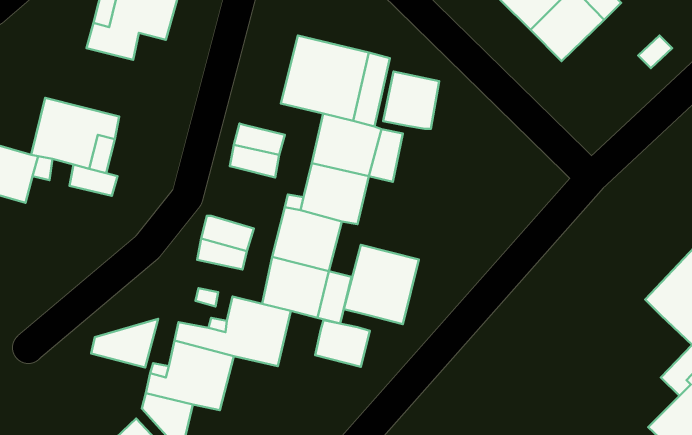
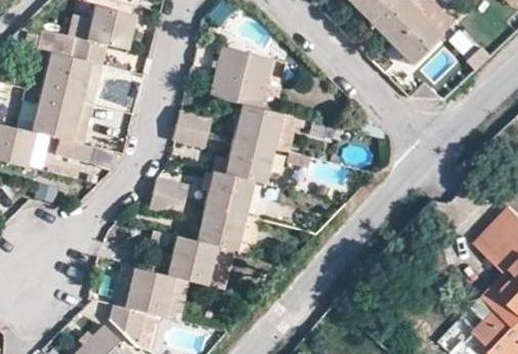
building: none -> [40,51,103,104]
building: [383,71,439,129] -> none
building: [344,245,419,324] -> none
building: [91,319,158,368] -> none
building: [315,320,370,367] -> none

